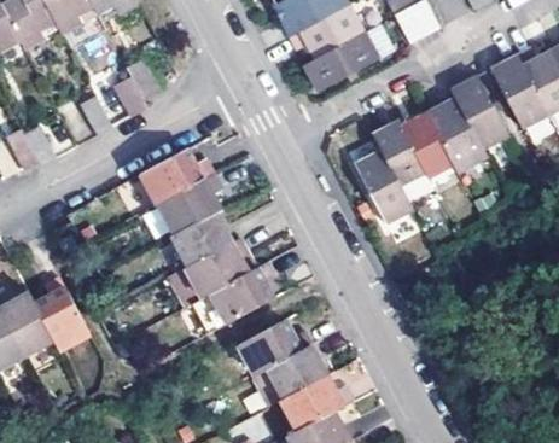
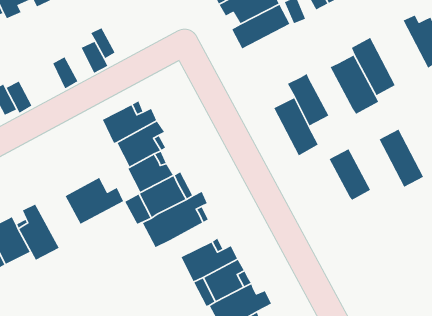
building: [489,51,546,124] -> [379,128,424,188]
building: [398,109,452,174] -> [328,148,371,201]
building: none -> [65,177,124,225]

